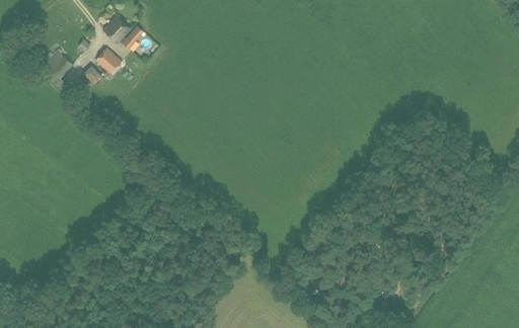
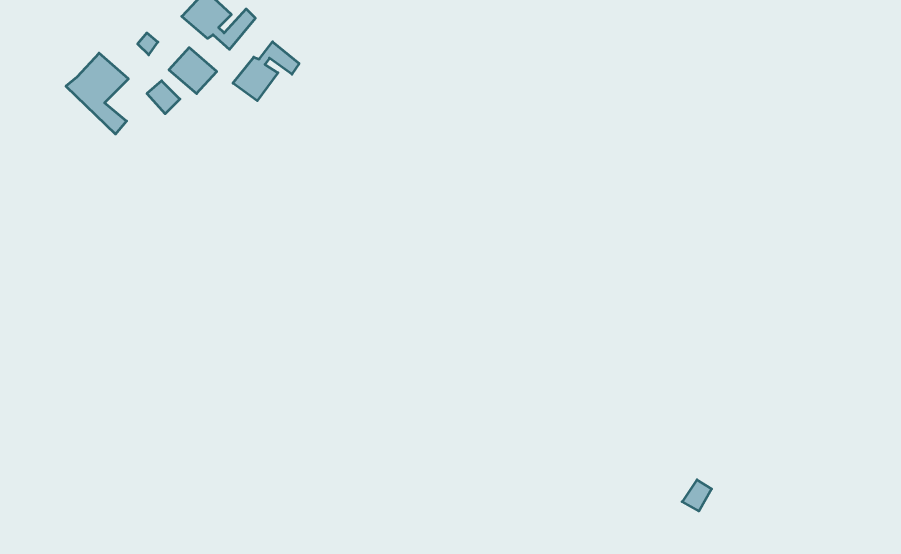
building: none -> [233,42,299,101]

